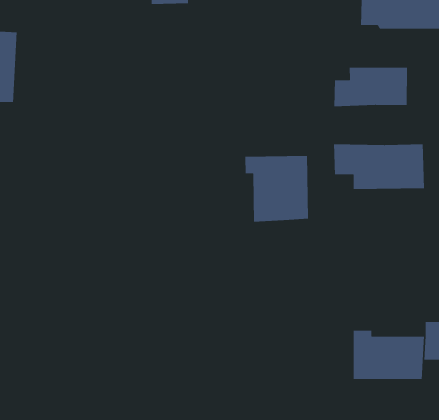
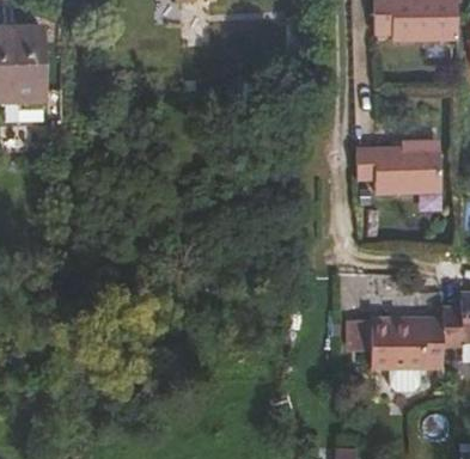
building: [334,67,408,107] -> none
building: [244,155,309,222] -> none

